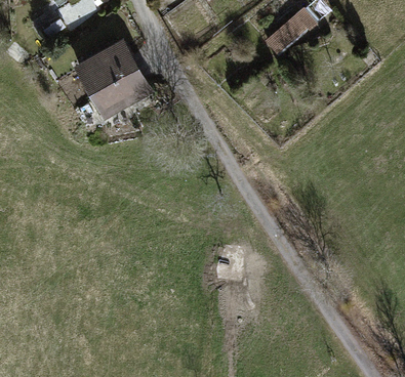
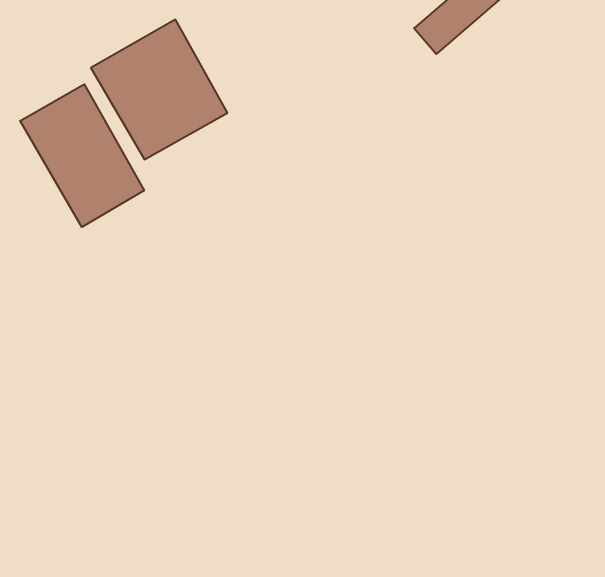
building: none -> [20,84,144,227]

